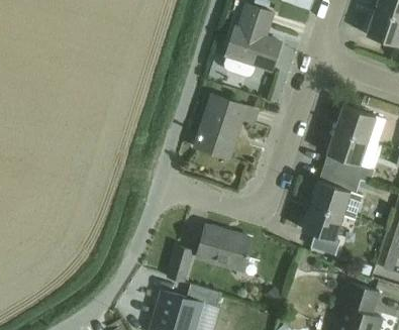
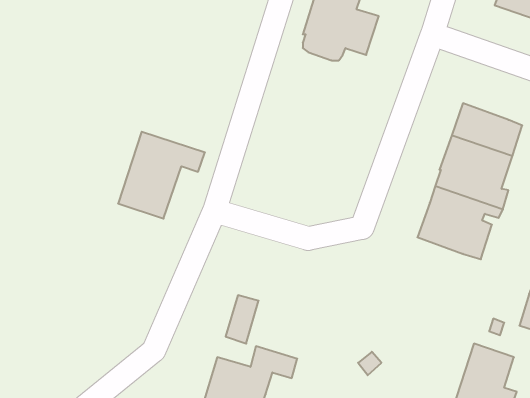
building: [194,95,258,158] -> [118,132,205,219]
building: [300,204,341,255] -> none
building: [196,225,253,270] -> none

